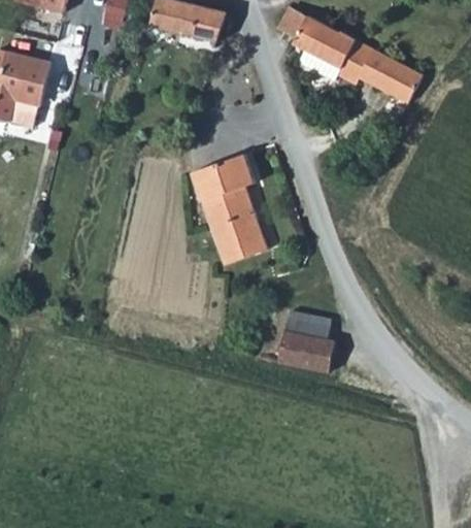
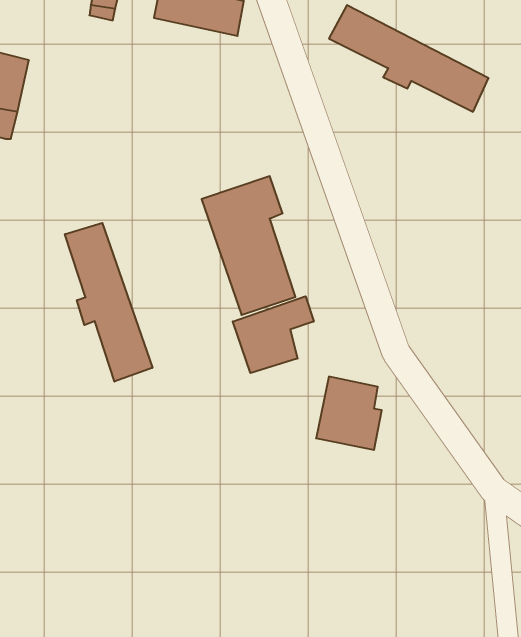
building: none -> [65,223,152,382]
building: none -> [233,296,314,373]

